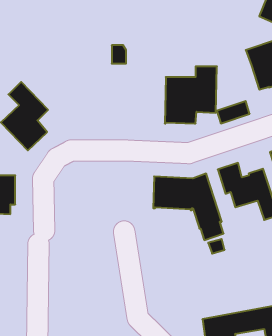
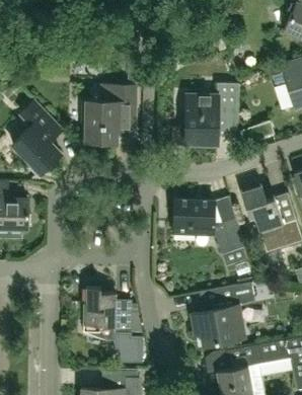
building: none -> [86,85,136,142]
building: none -> [191,283,254,345]
building: none -> [83,288,143,363]

